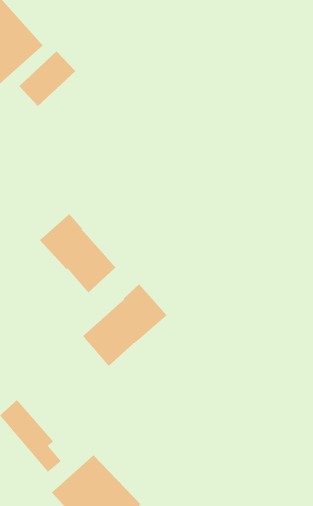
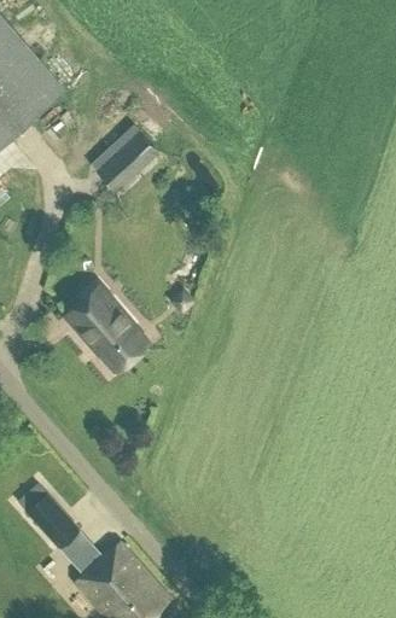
building: [18,50,76,107] -> [94,129,158,192]
building: [82,284,168,367] -> none

